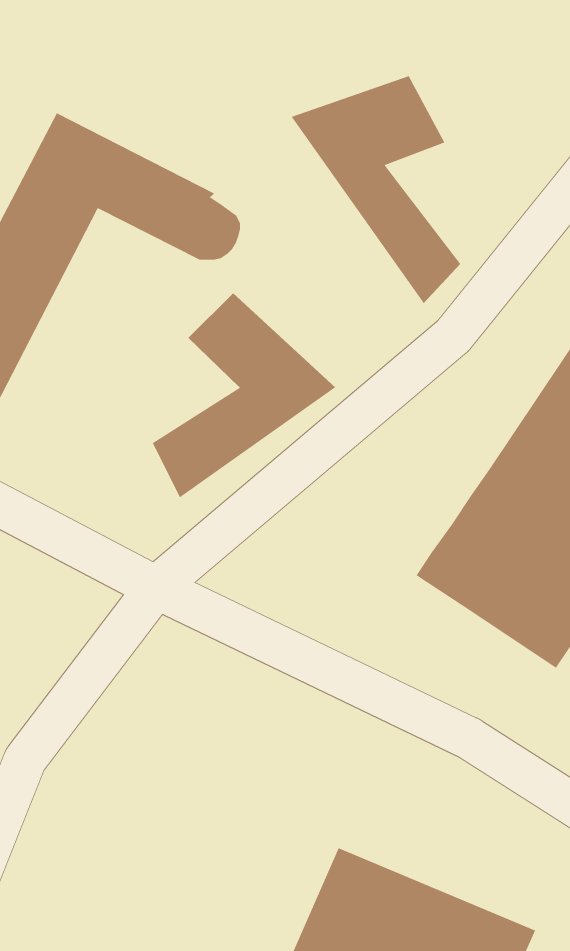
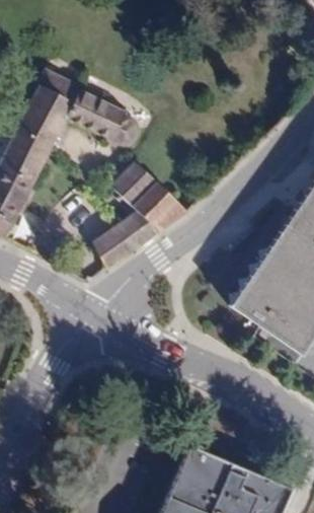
building: [291,75,461,304] -> none

